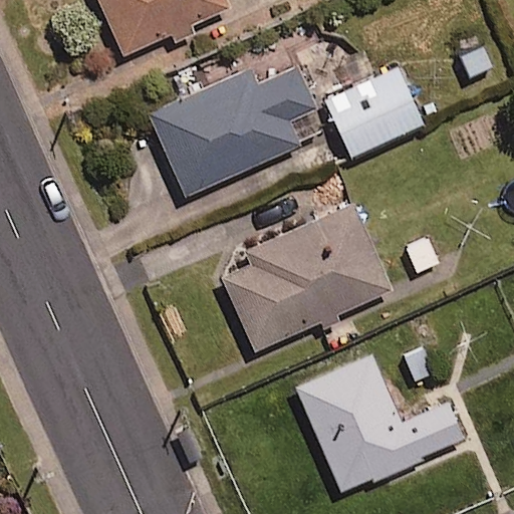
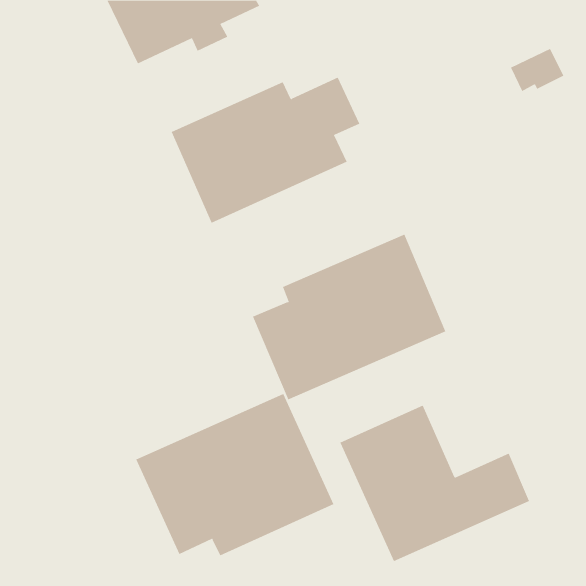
building: [326,67,423,156] -> none
building: none -> [136,393,334,556]

